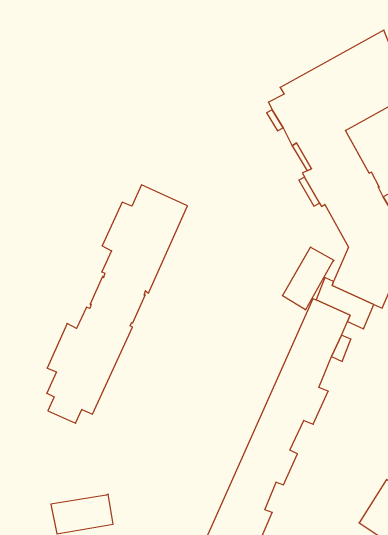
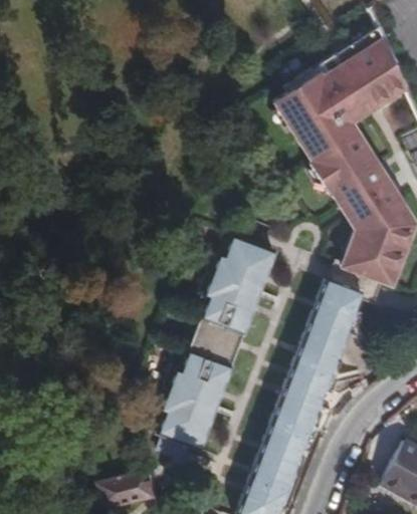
building: [47,185,187,423] -> [156,235,276,458]
building: [282,247,334,310] -> none

